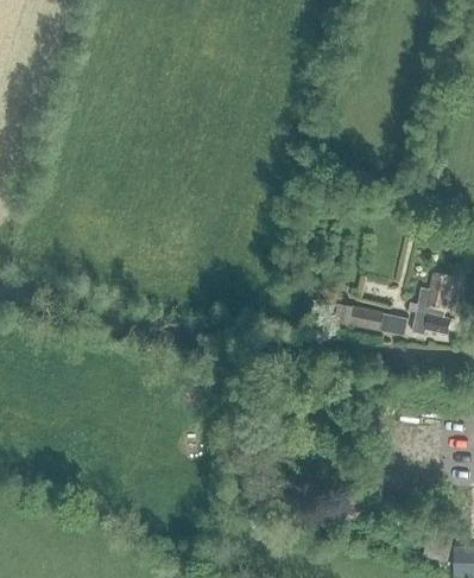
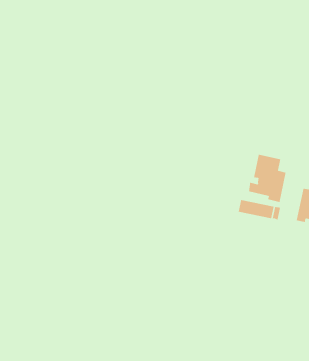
building: none -> [248,154,286,203]

